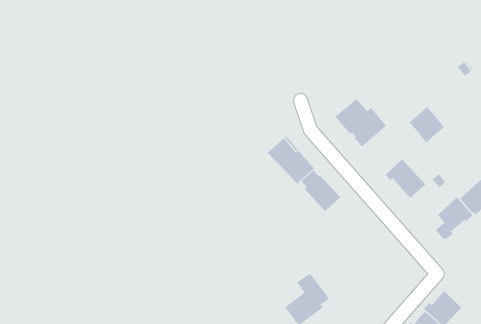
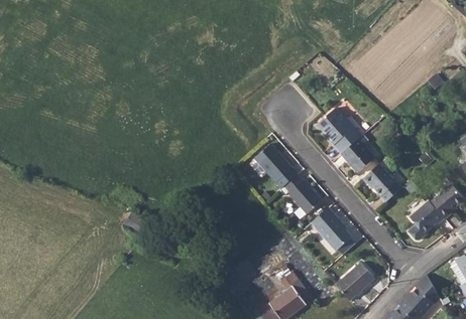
building: [409,106,445,143] -> [342,139,375,173]
building: none -> [312,207,357,256]
building: none -> [338,262,377,300]

